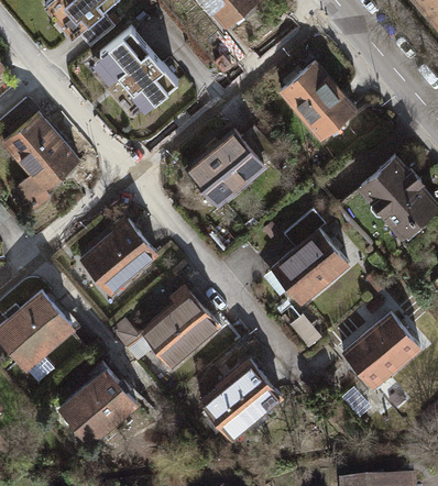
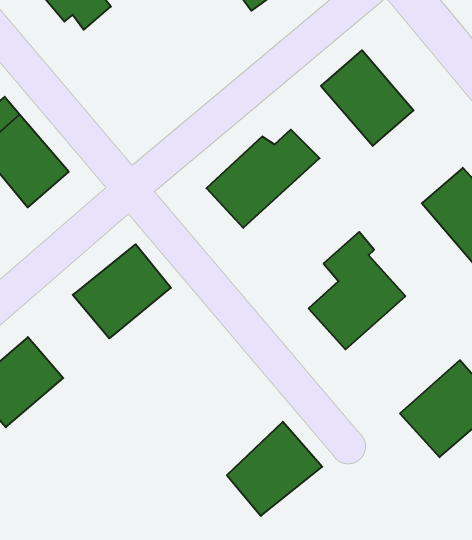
building: [99,32,177,113] -> none
building: [142,292,218,366] -> none
building: [61,361,136,441] -> none

